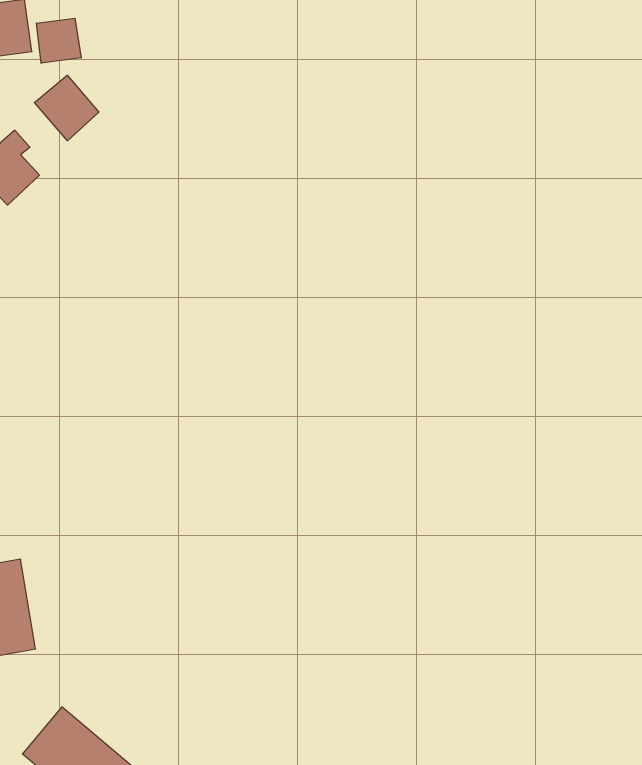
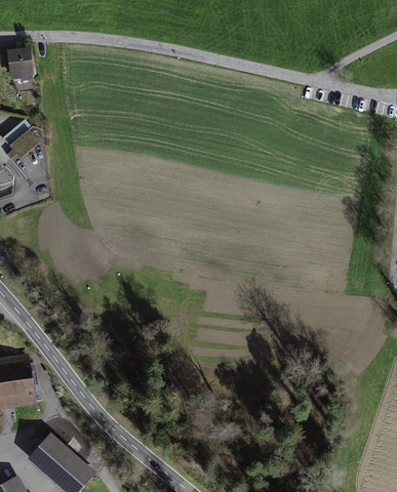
building: [36,18,81,63] -> none
building: [34,75,99,141] -> none

